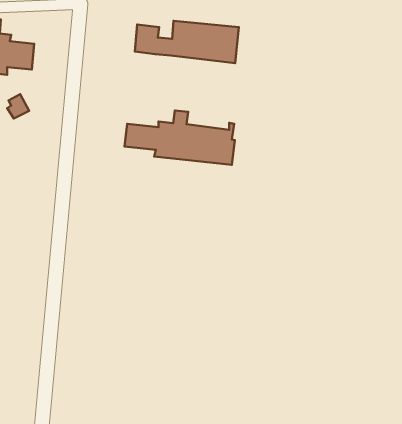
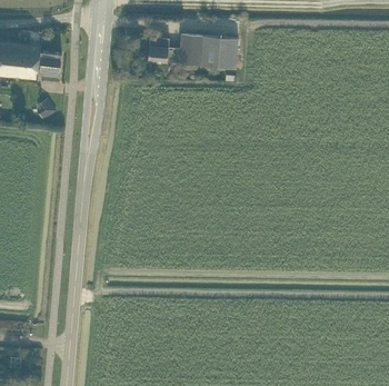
building: [125,111,235,165] -> none

